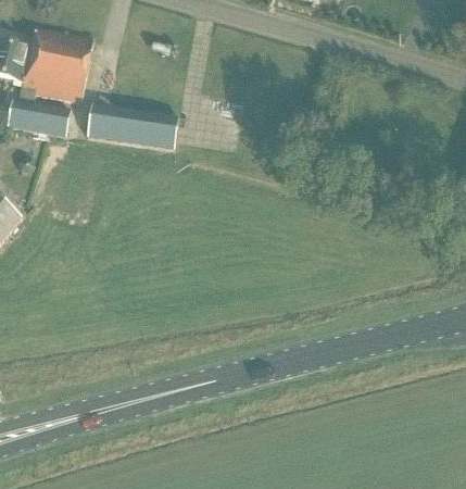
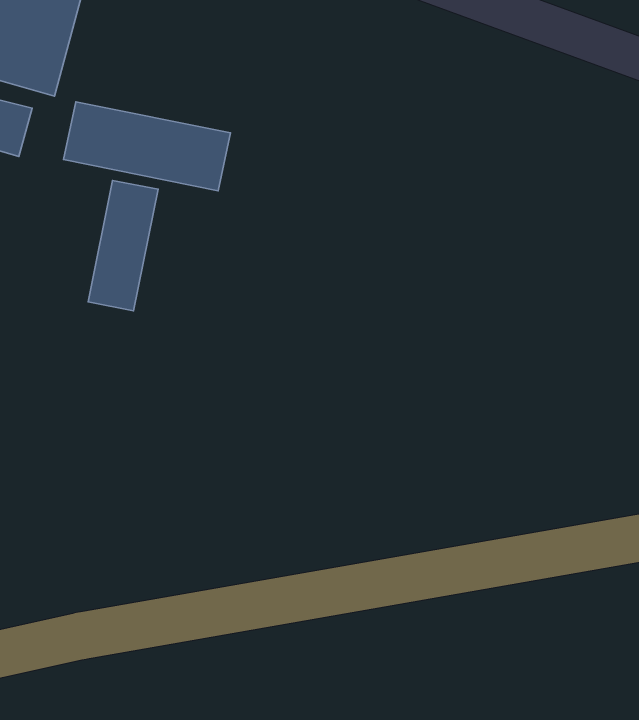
building: none -> [88,180,158,311]

